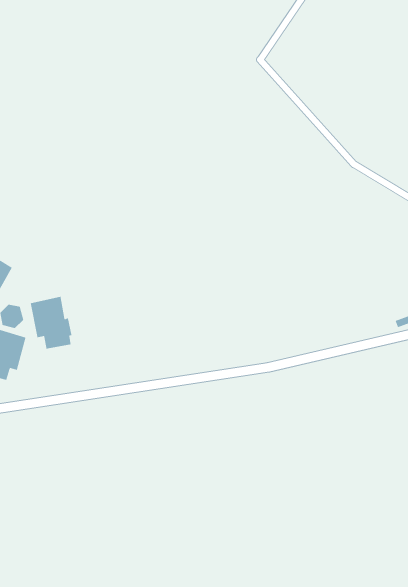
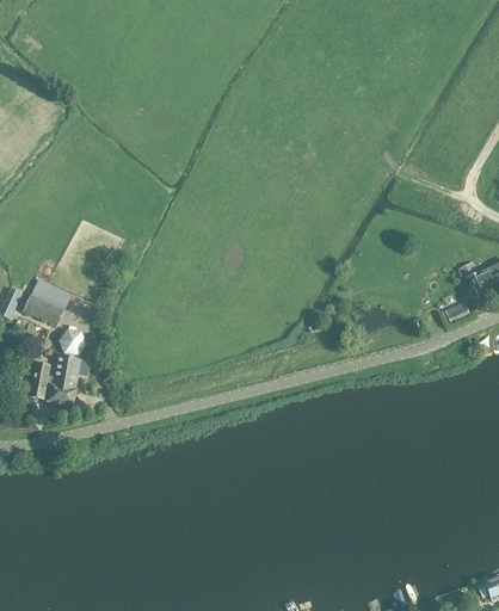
building: [30,296,72,349] -> none

